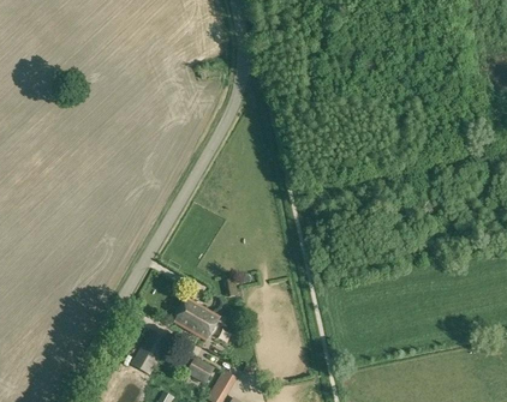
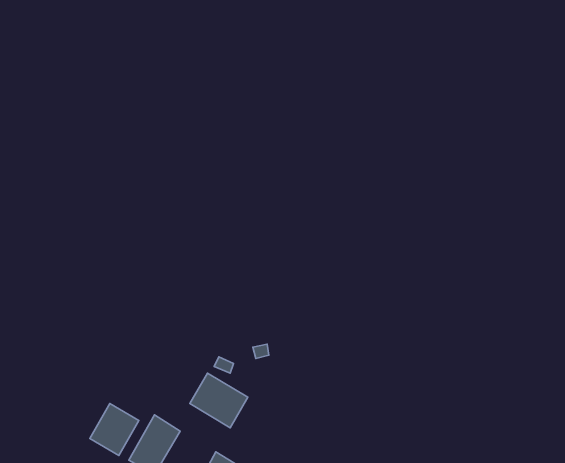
building: none -> [90,403,139,456]

